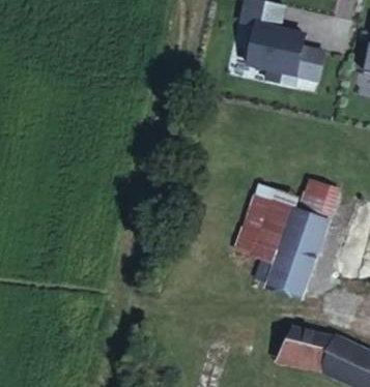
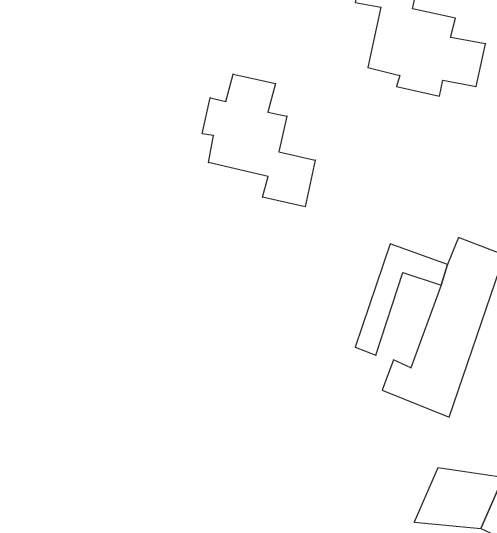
building: none -> [202,74,315,207]
building: [253,202,295,264] -> none

